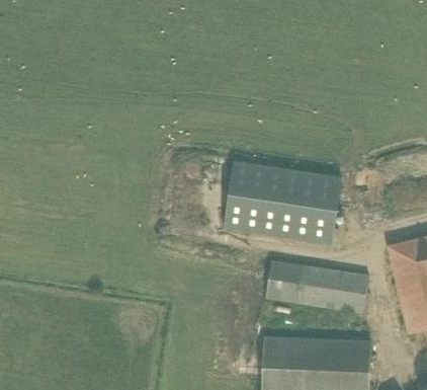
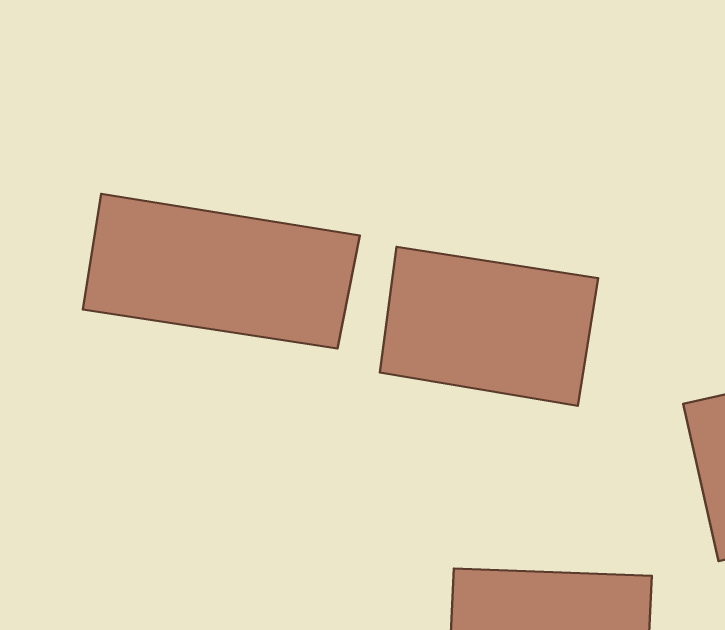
building: none -> [83,194,360,348]
building: [265,260,369,313] -> none

